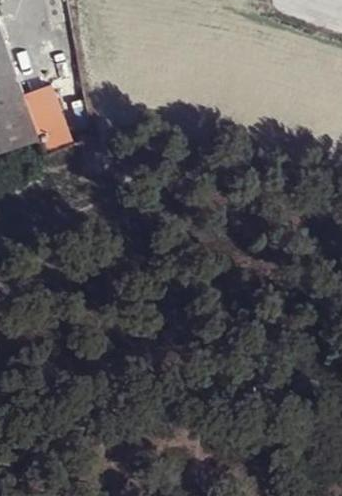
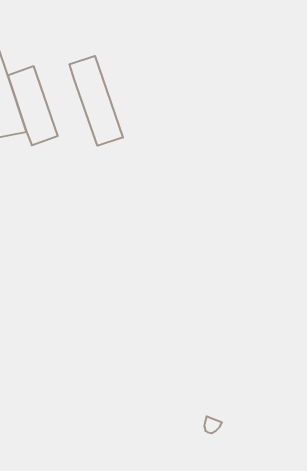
building: none -> [70,56,123,146]

